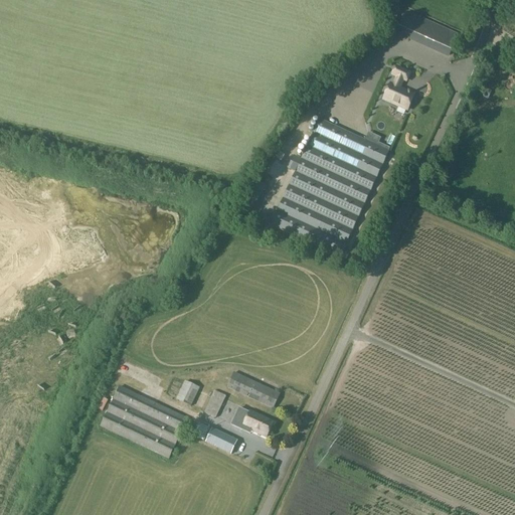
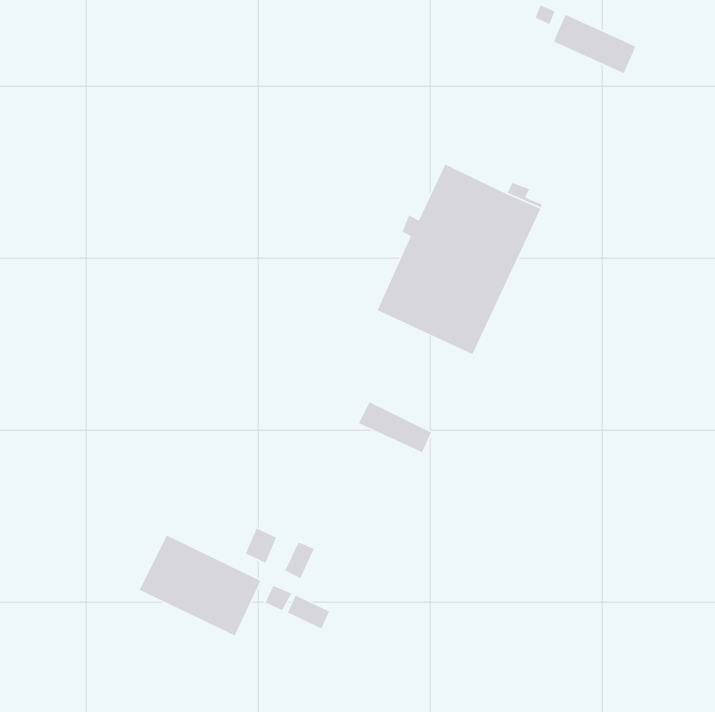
building: [384,65,413,109] -> none
building: [226,370,280,407] -> [358,401,432,453]
building: [231,406,273,436] -> none

